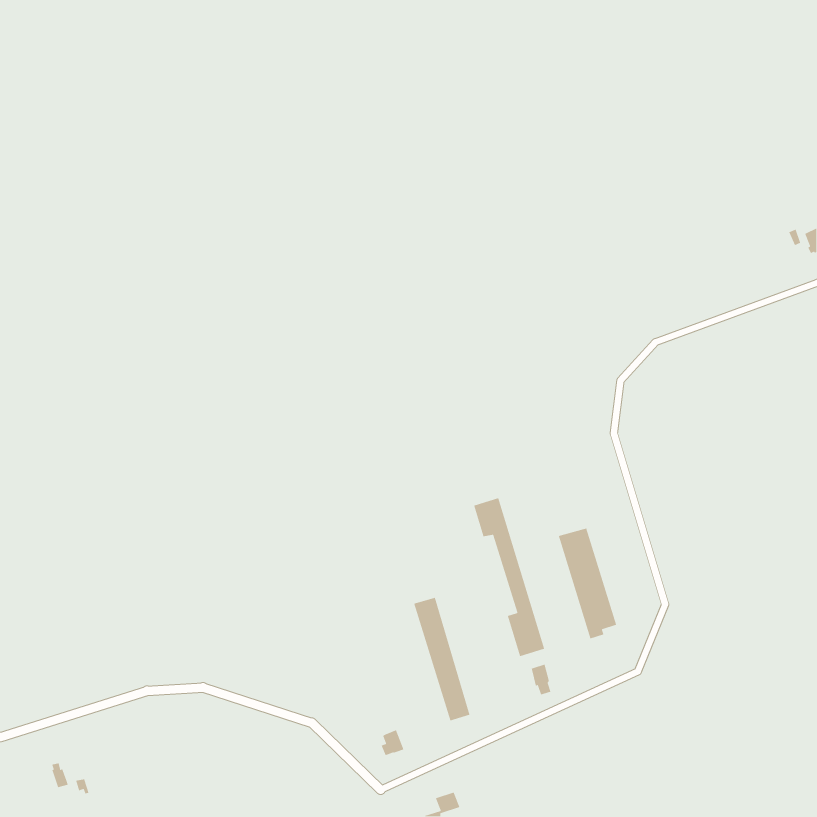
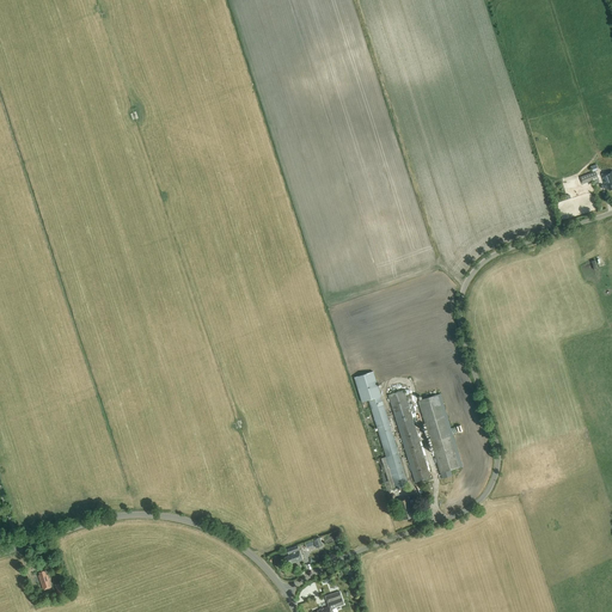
building: [413,597,471,722] -> [387,390,430,483]

